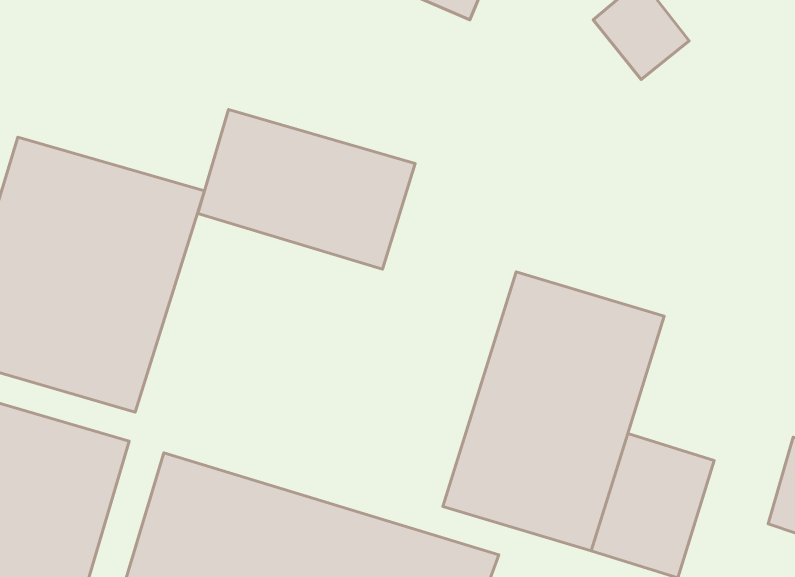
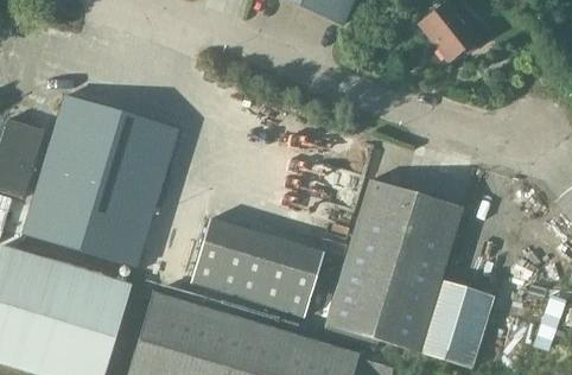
building: [198,109,415,269] -> [191,218,325,317]

